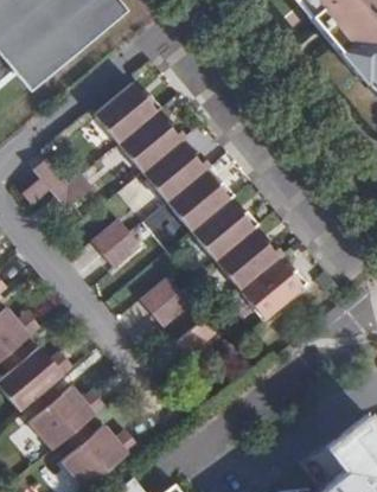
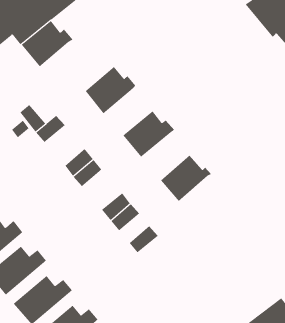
building: [95,88,162,148] -> [21,20,73,67]
building: [142,145,210,205] -> none
building: [191,202,258,263] -> none
building: [239,257,306,319] -> none

